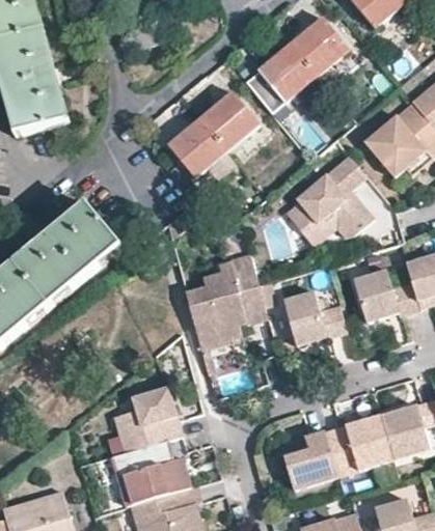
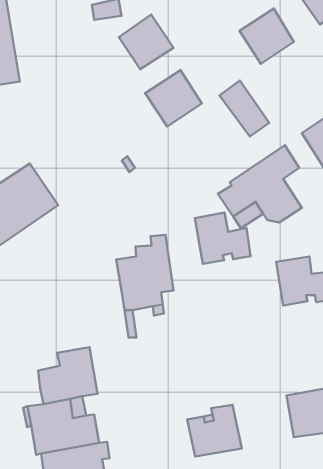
building: [257,41,316,101] -> none
building: [167,117,225,175] -> [119,15,173,69]
building: [284,290,347,346] -> [195,212,251,264]
building: [325,415,392,476] -> none

